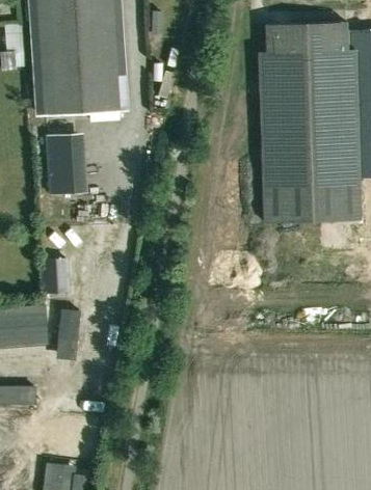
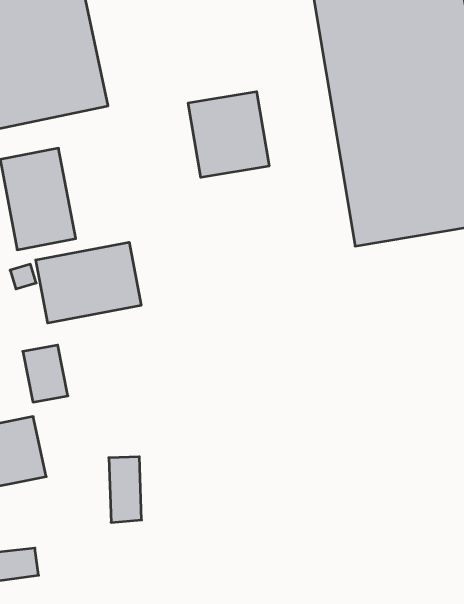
building: none -> [188,92,269,177]
building: none -> [36,242,141,323]
building: [56,310,80,353] -> [109,457,142,522]

